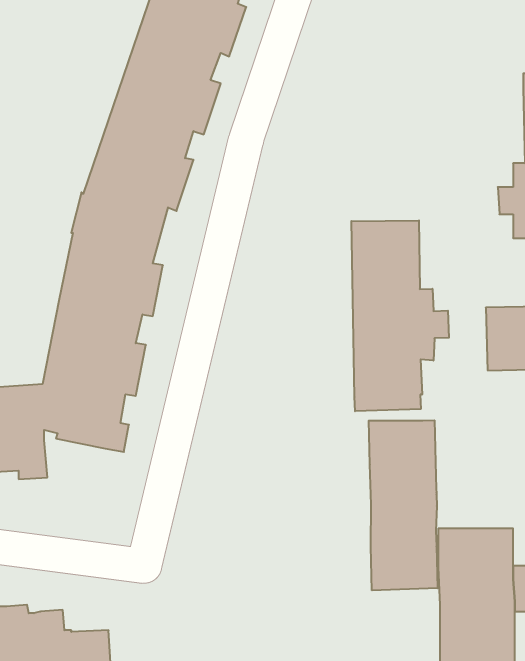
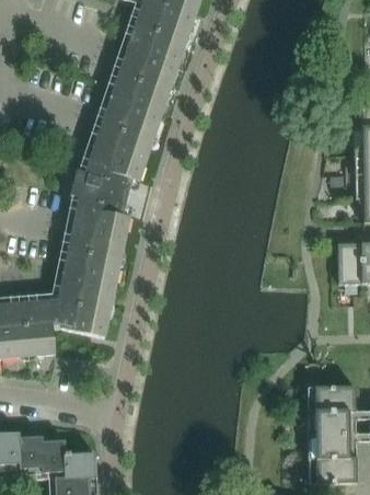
building: [351,220,449,411] -> none
building: [369,420,438,590] -> none

